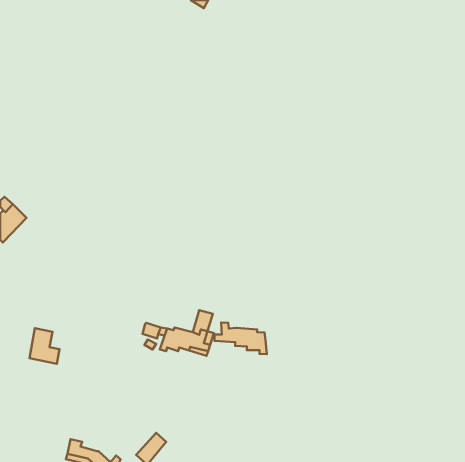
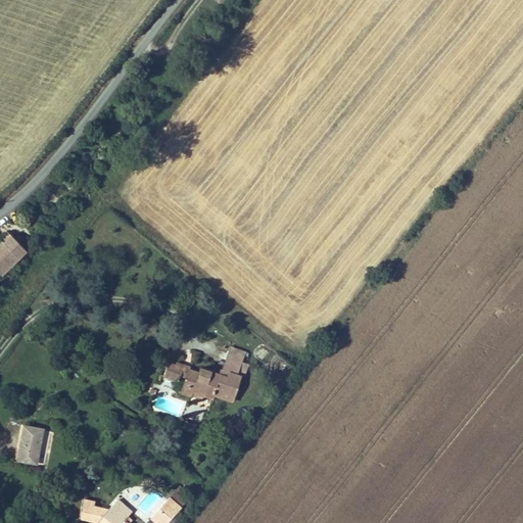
building: [214,323,267,354] -> none
building: [30,328,60,364] -> [15,420,49,460]

